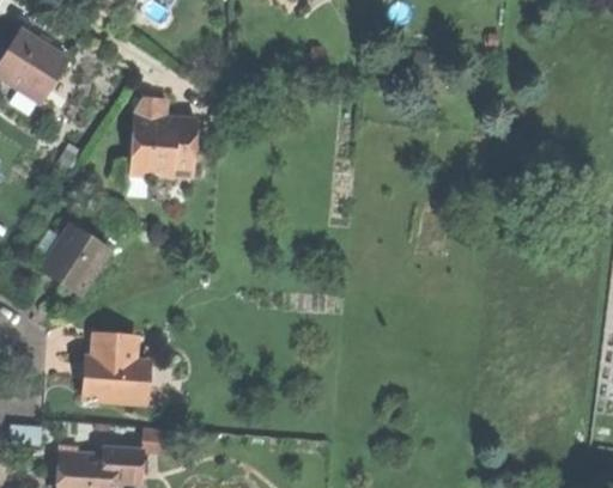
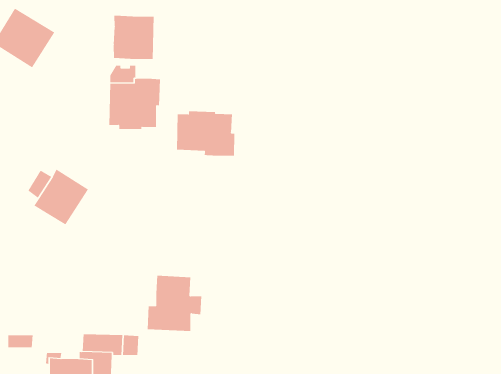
building: none -> [113,15,154,60]
building: none -> [176,110,235,156]
building: [84,335,151,403] -> [147,275,202,331]

